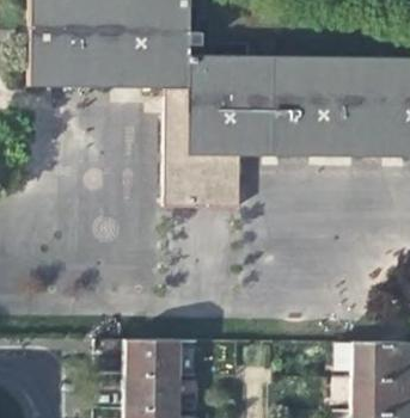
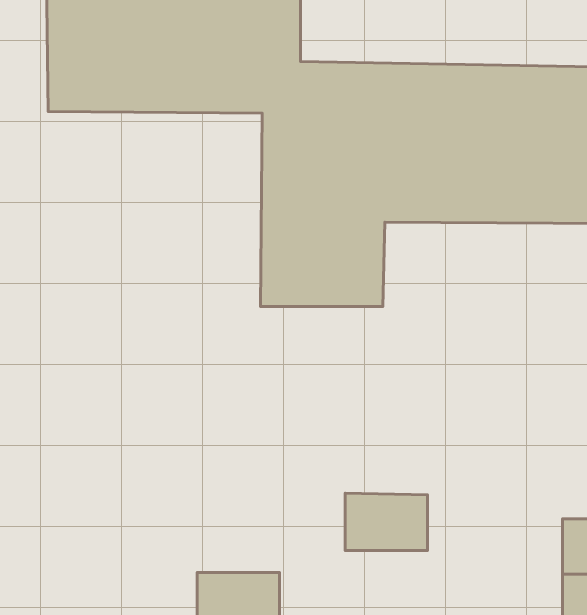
building: [127,337,178,373] -> [345,493,427,550]

